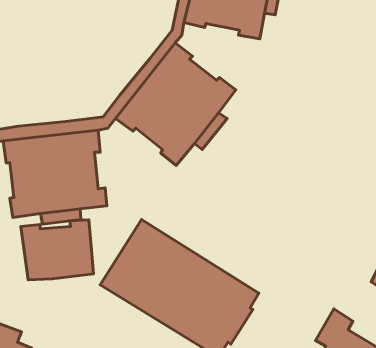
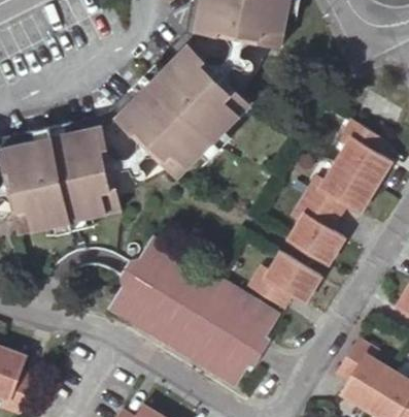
building: none -> [287,119,389,263]
building: [21,220,93,280] -> none
building: none -> [248,254,317,308]

